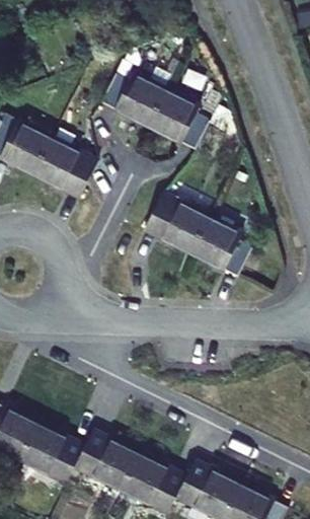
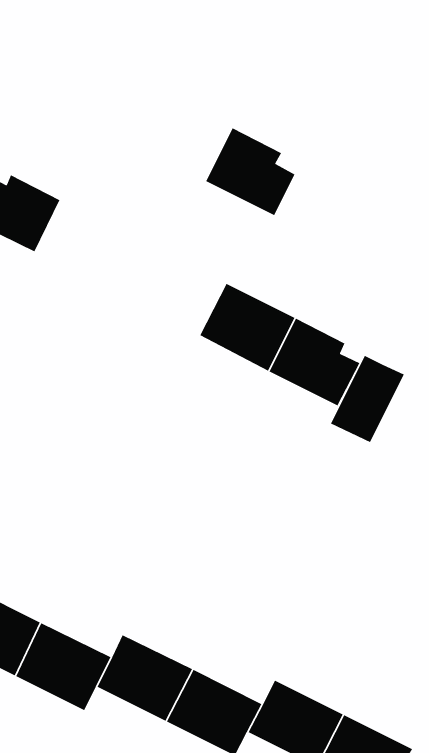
building: [101,74,166,127] -> none
building: [33,139,97,198] -> none
building: none -> [330,355,405,443]

